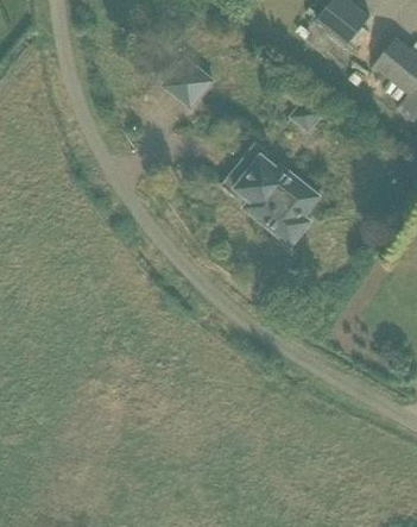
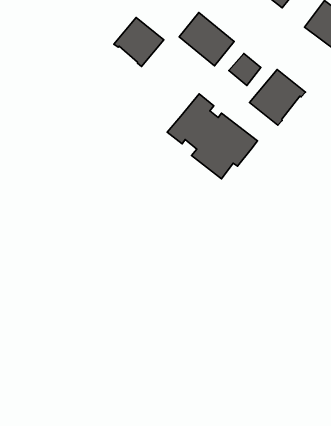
building: none -> [179,13,234,66]
building: none -> [249,69,305,125]

